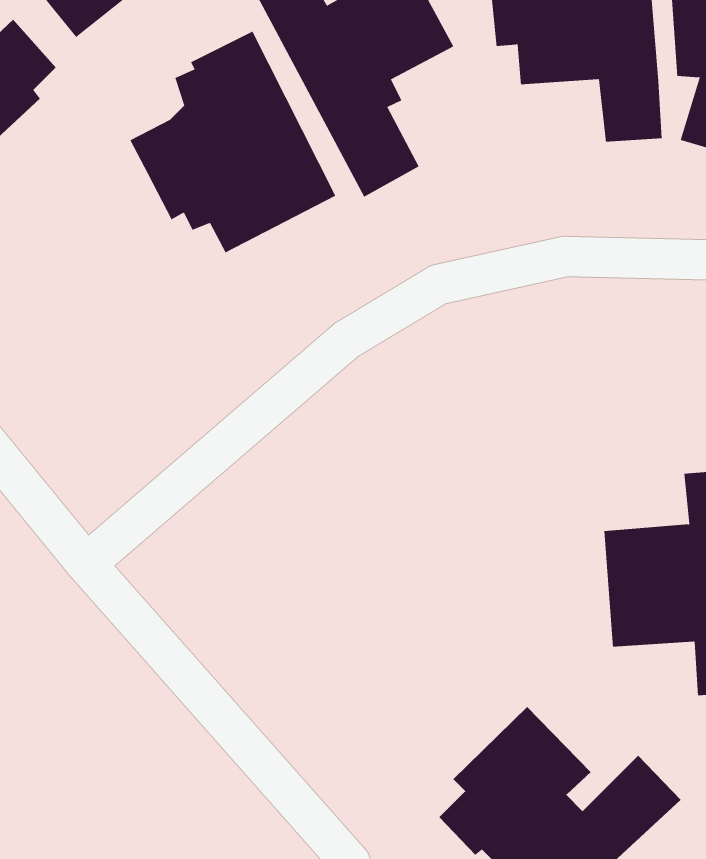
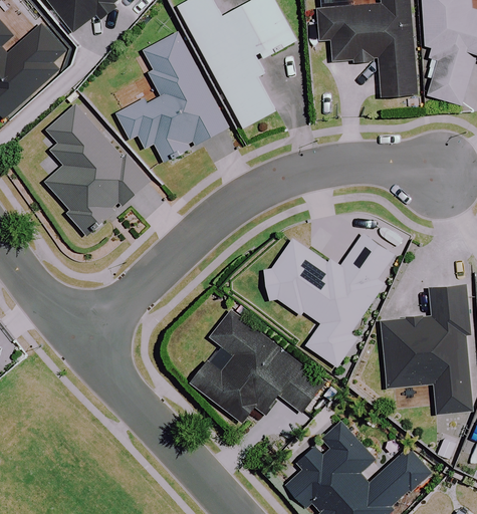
building: none -> [45,104,148,235]
building: none -> [264,231,396,365]
building: none -> [191,311,322,421]

